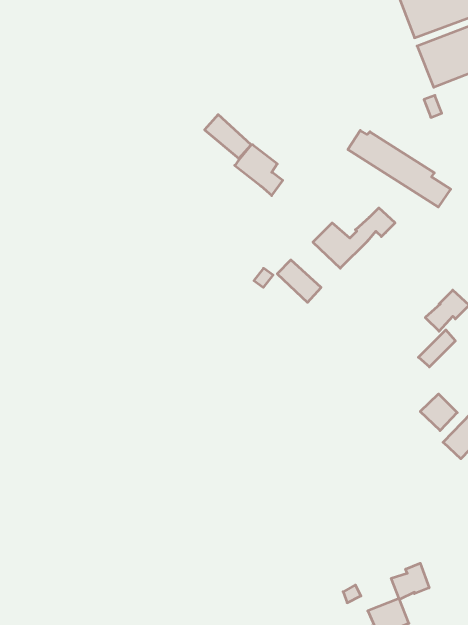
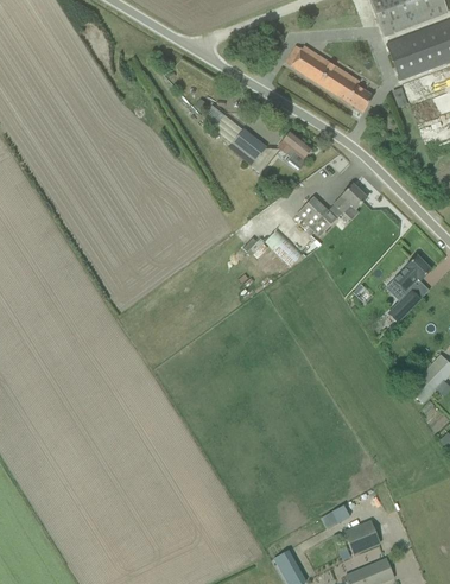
building: [348,130,451,207] -> [285,44,374,110]
building: none -> [278,129,312,166]
building: [420,394,457,431] -> none
building: [391,563,429,599] -> none

